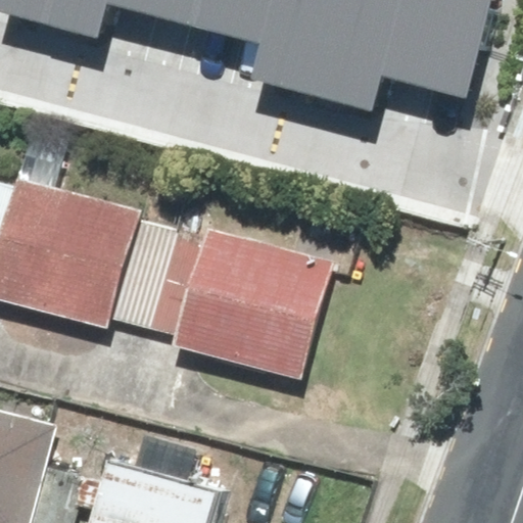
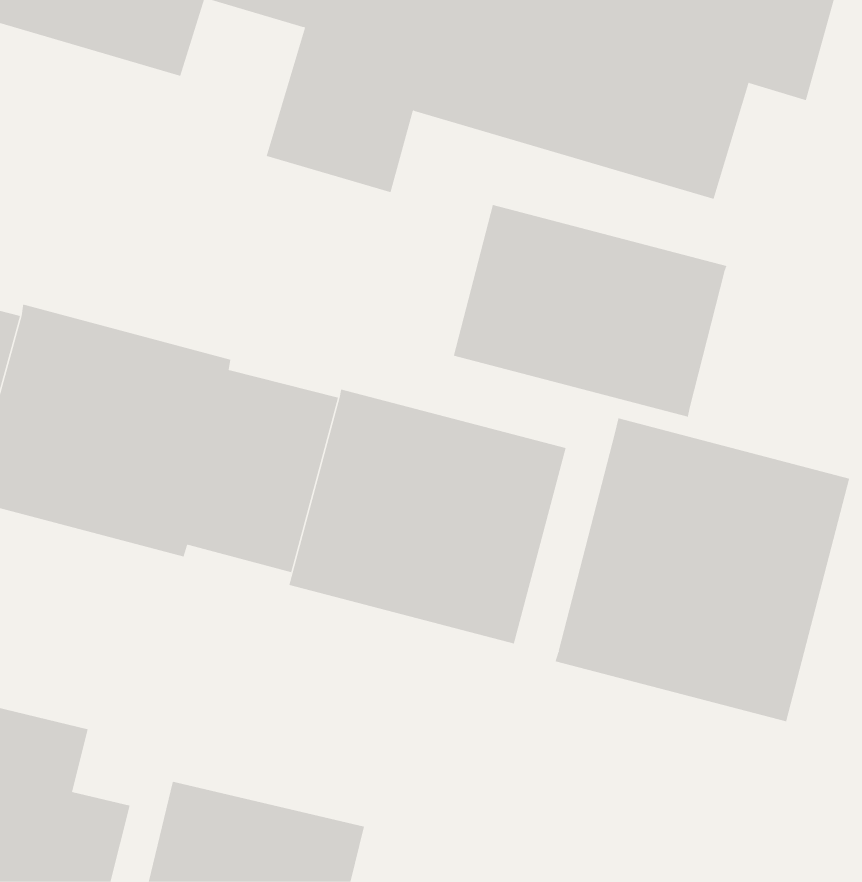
building: none -> [453,204,727,418]
building: none -> [555,418,850,722]

